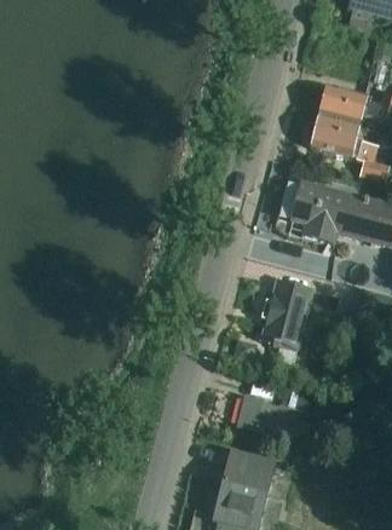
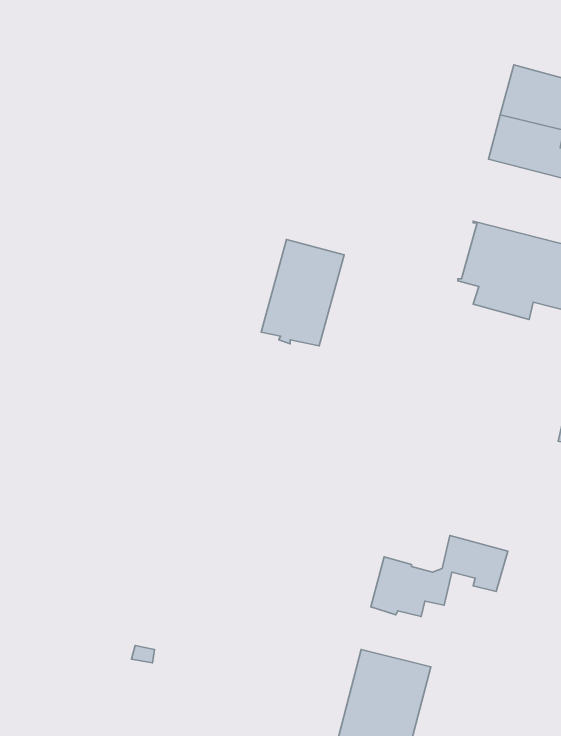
building: [259,280,311,346] -> [261,240,344,346]

